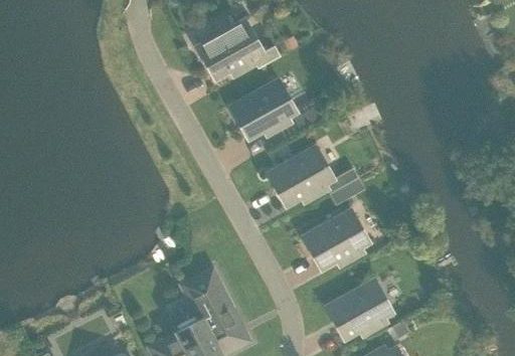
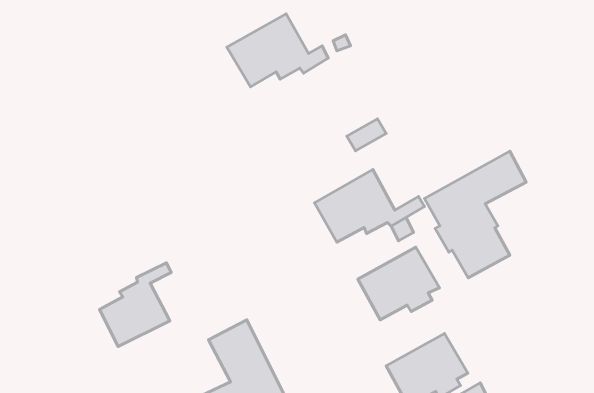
building: [229,78,296,139] -> none
building: none -> [425,151,526,278]
building: none -> [99,263,171,347]

